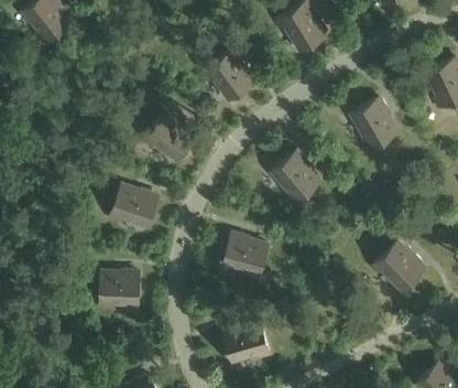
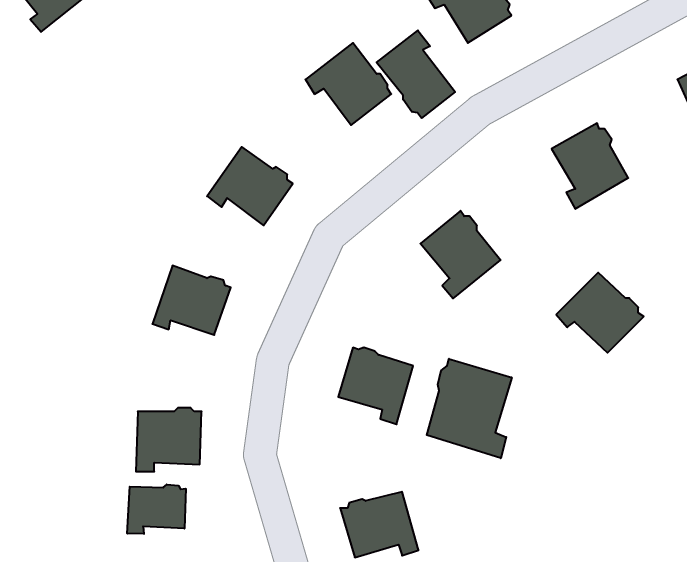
building: none -> [377,30,455,118]
building: none -> [427,359,512,458]
building: [371,242,424,291] -> [556,273,644,353]
building: none -> [127,484,186,534]

